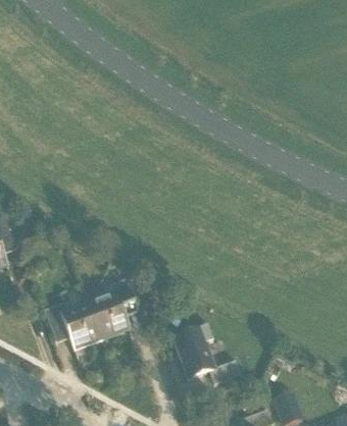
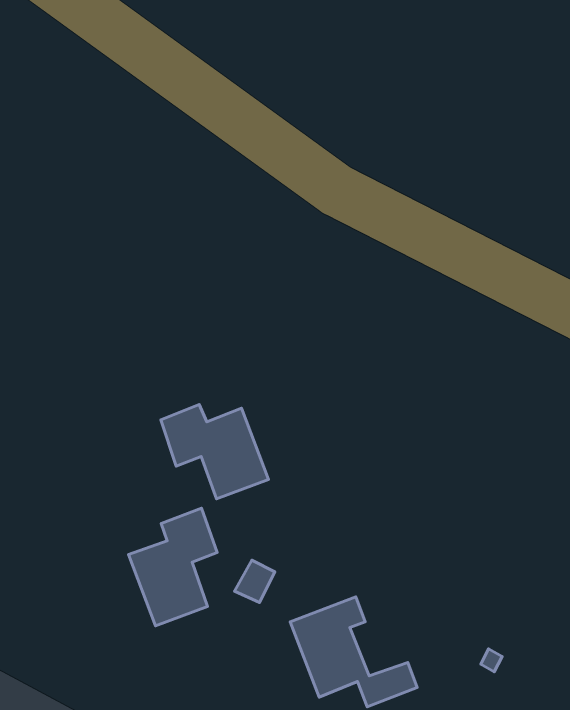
building: [45,301,102,351] -> [161,404,269,499]

